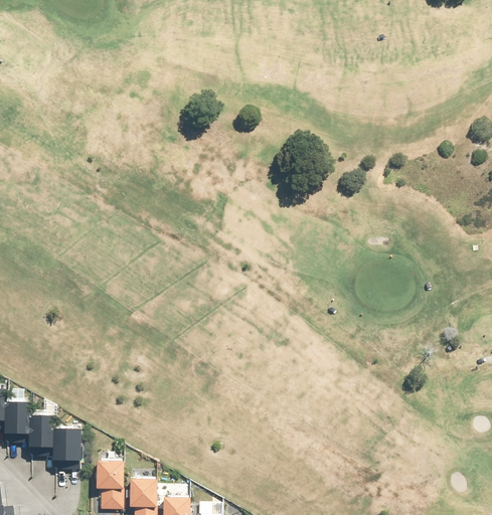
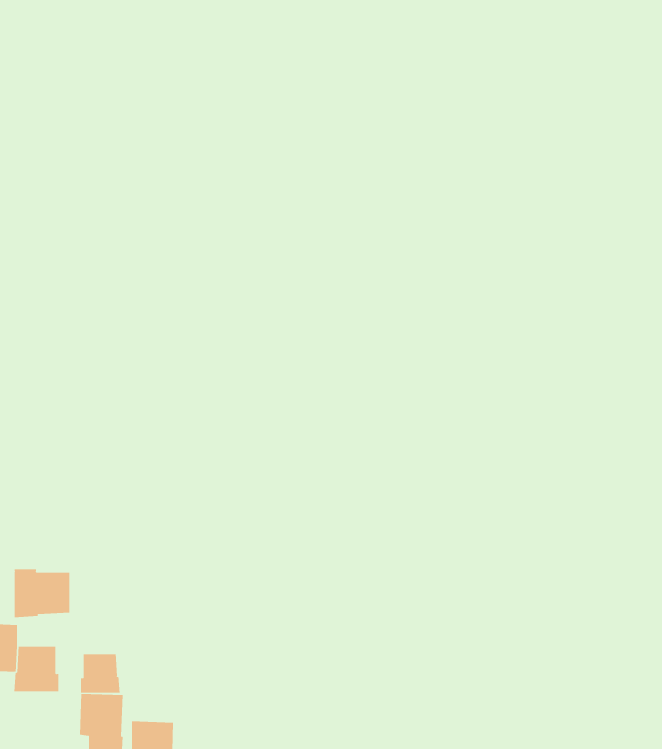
building: none -> [14,568,70,618]
building: none -> [80,654,120,693]

